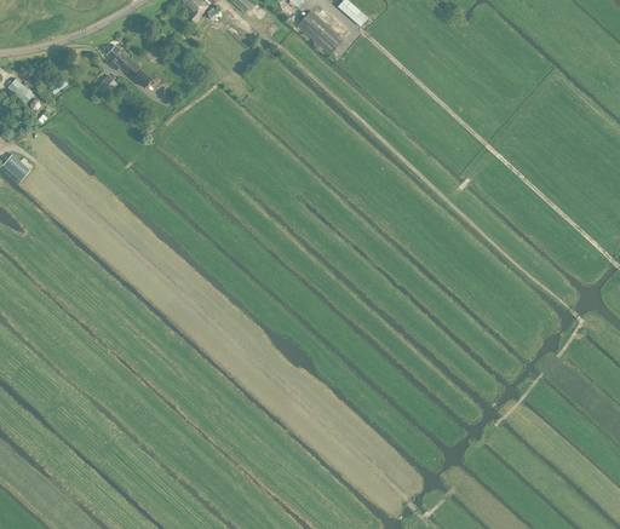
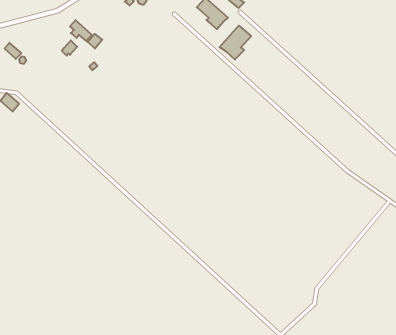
building: none -> [220,26,251,60]

